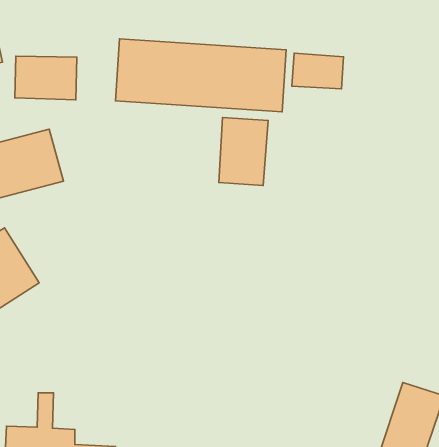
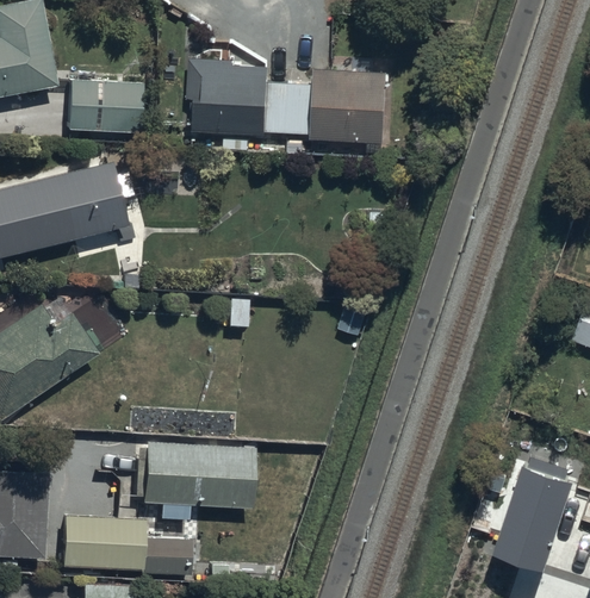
building: [292,53,344,89] -> none
building: [219,118,268,186] -> none
building: none -> [141,431,254,497]

